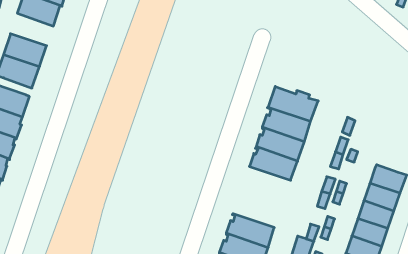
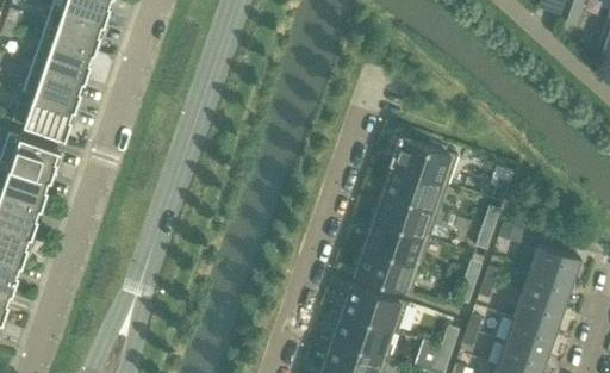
building: none -> [31,35,91,80]
building: none -> [353,247,419,294]
building: none -> [340,284,406,331]

